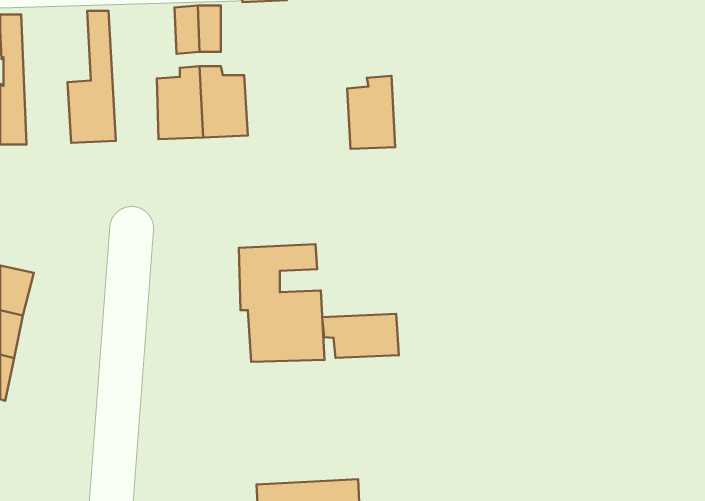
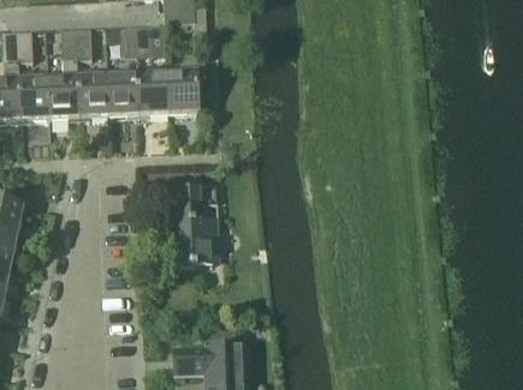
building: none -> [73,26,107,115]
building: none -> [14,29,48,118]
building: [347,76,395,149] -> [165,62,197,112]
building: [322,314,399,358] -> none

